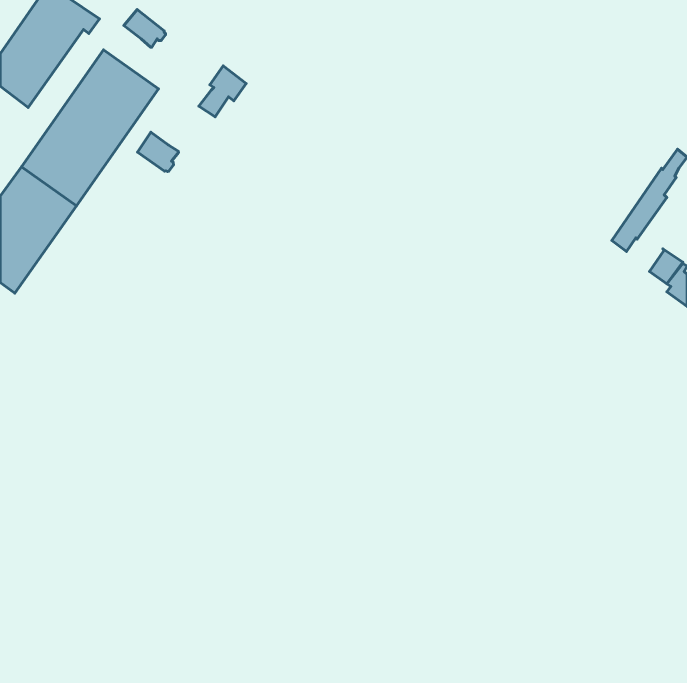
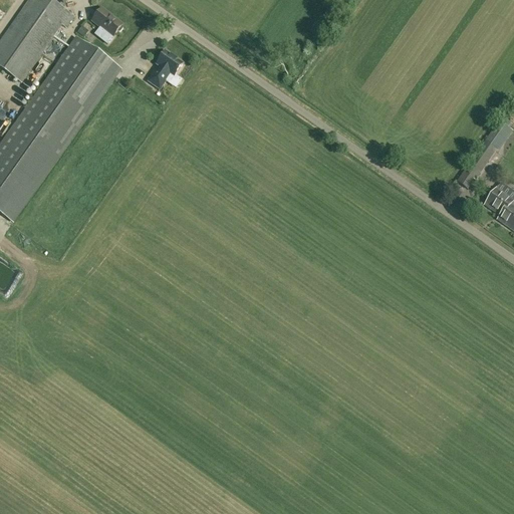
building: [137,132,178,172] -> none

